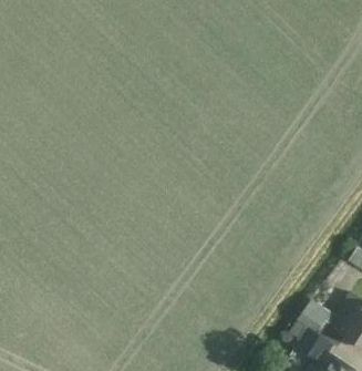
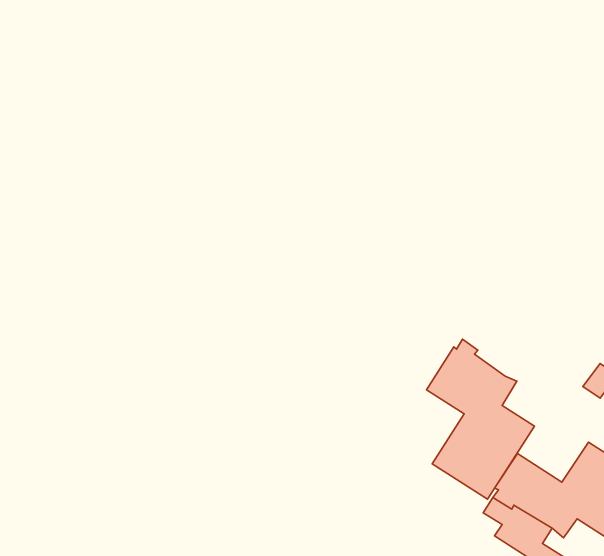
building: none -> [427,339,535,499]

